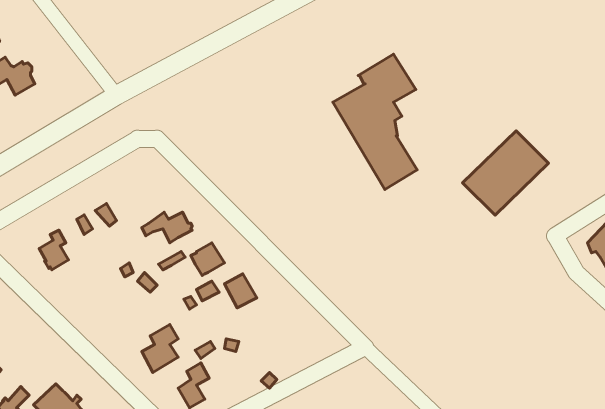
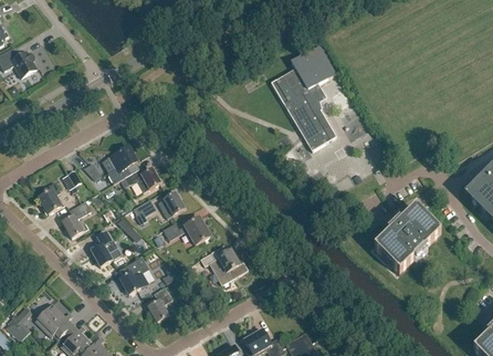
building: [463,131,548,215] -> [373,207,440,273]
building: none -> [106,145,137,184]
building: none -> [62,201,90,238]
building: none -> [91,231,117,266]
building: none -> [200,249,248,284]

